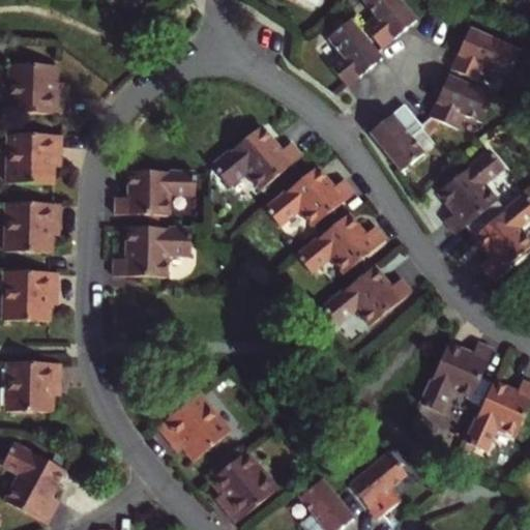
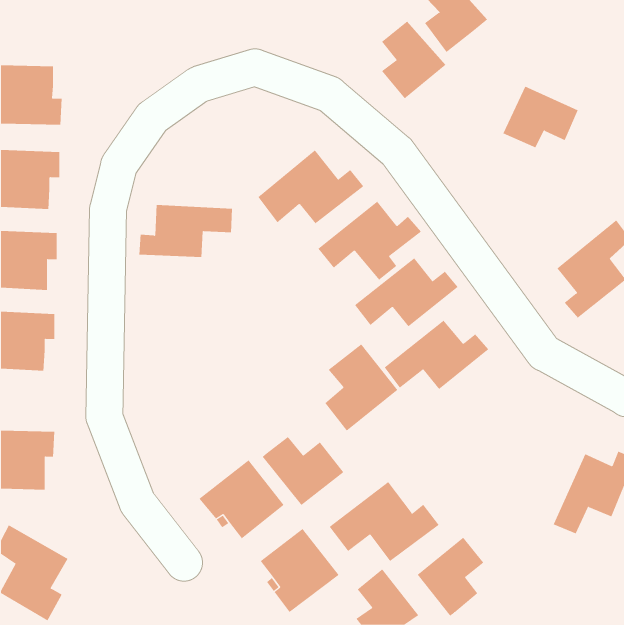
building: [448,26,517,79] -> none
building: [366,98,420,165] -> none
building: [436,144,500,227] -> none
building: [118,229,196,278] -> none
building: none -> [324,344,398,432]
building: [424,343,495,412] -> none
building: none -> [262,436,344,506]
building: none -> [329,481,440,562]

